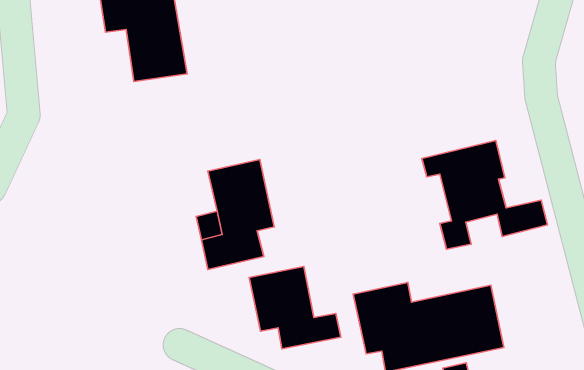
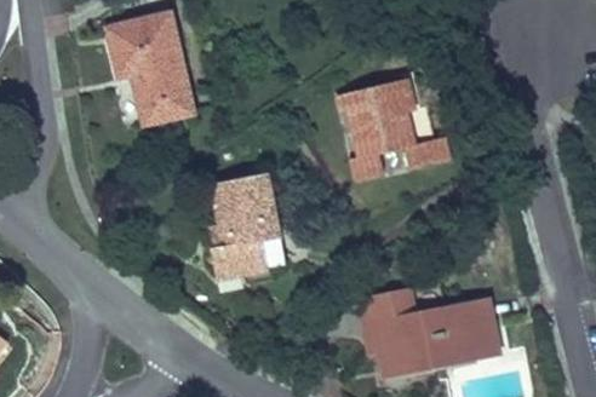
building: [422,140,548,249] -> [328,82,446,184]
building: [249,266,341,349] -> none

